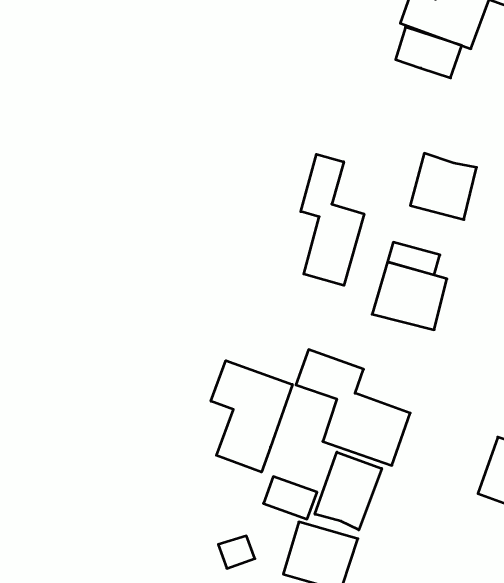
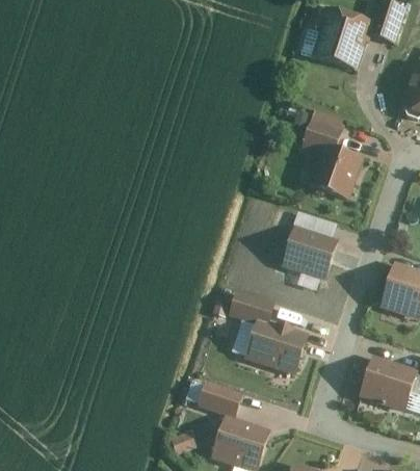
building: [396,27,462,78] -> [300,115,349,153]
building: [301,154,364,285] -> none
building: [211,361,292,472] -> none
building: [315,452,382,530] -> none

